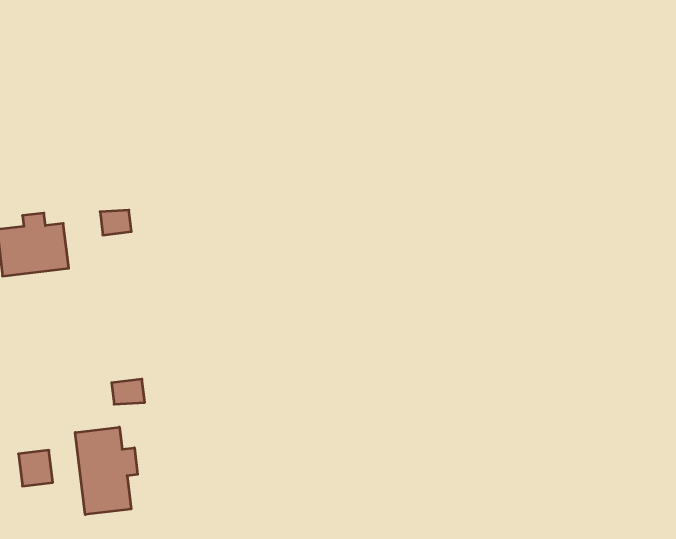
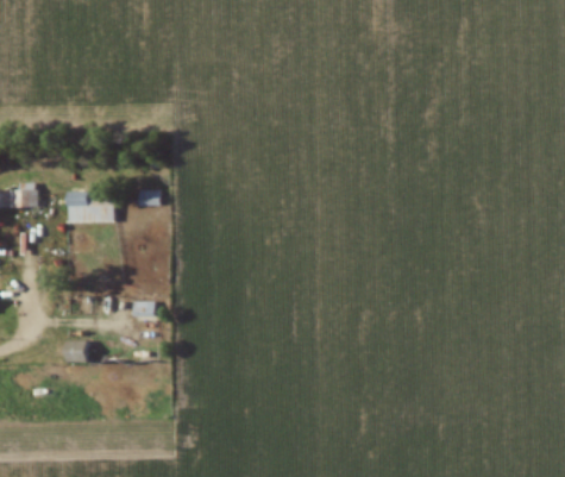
building: [75,427,138,515] -> none

